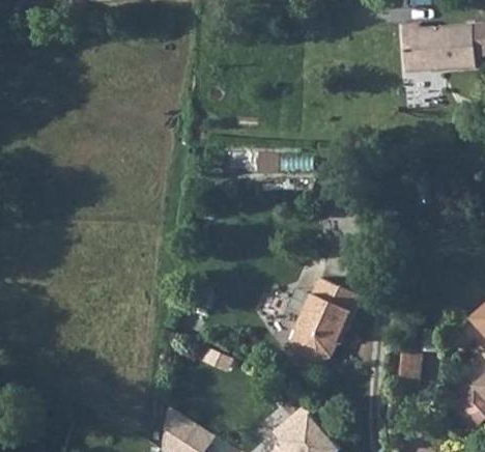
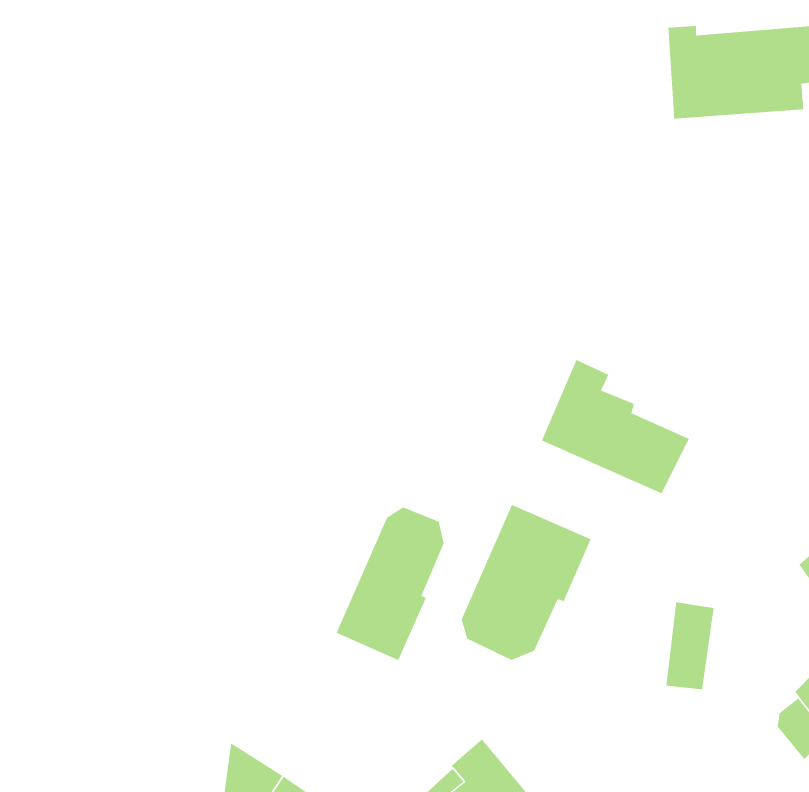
building: none -> [541,359,690,494]
building: none -> [336,507,444,661]

